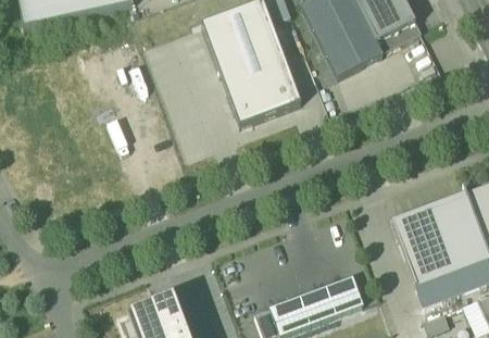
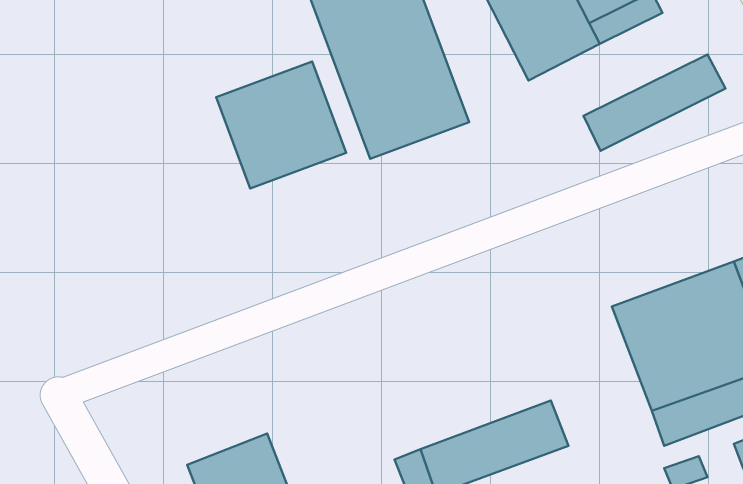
building: none -> [584,54,726,151]
building: none -> [216,61,346,189]

